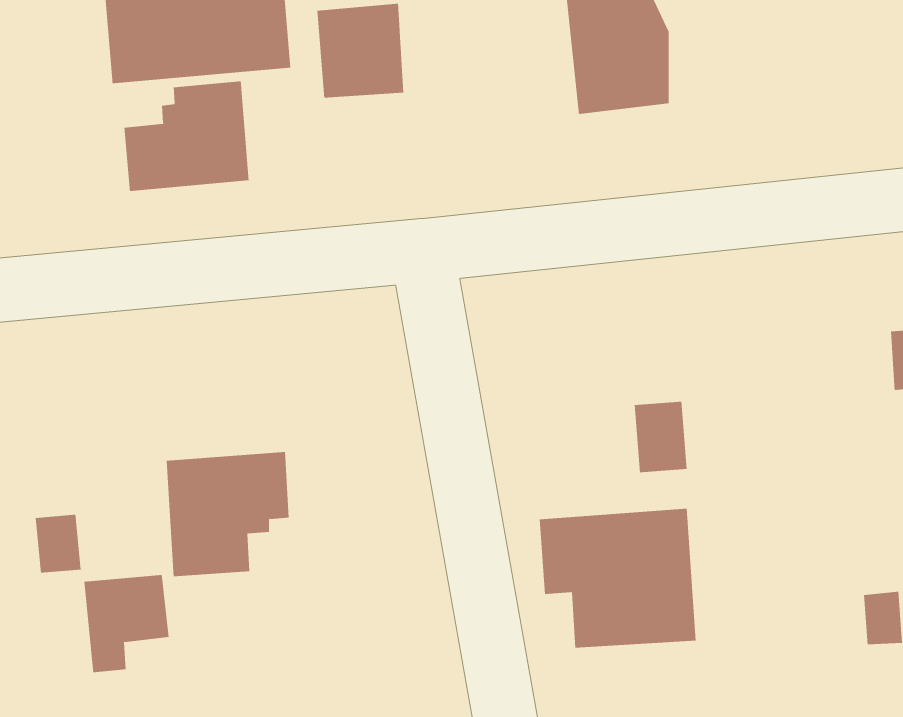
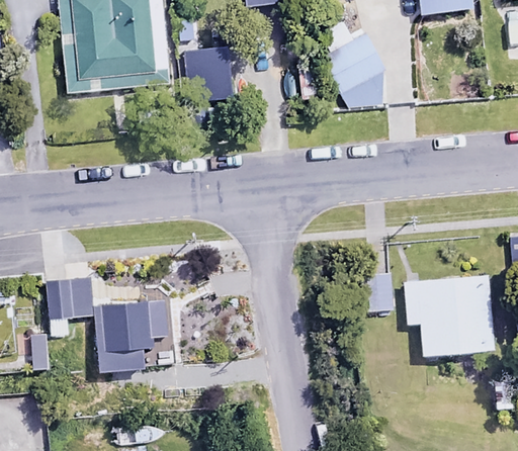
building: [124,80,249,192] -> none
building: [539,508,697,648] -> [405,275,494,354]
building: [84,574,170,673] -> [46,279,94,335]

